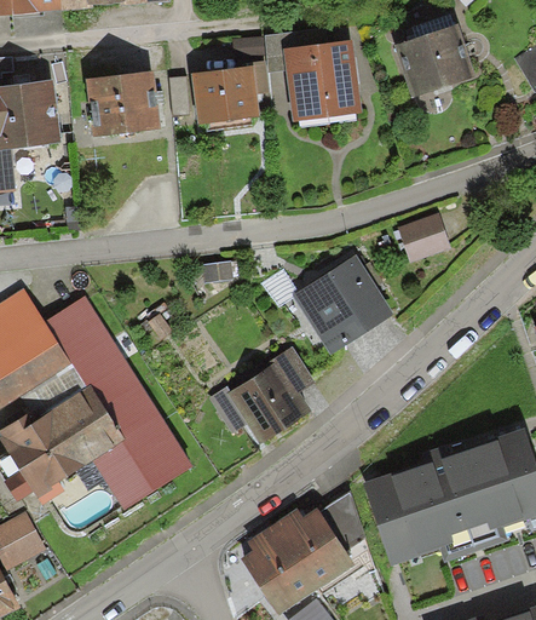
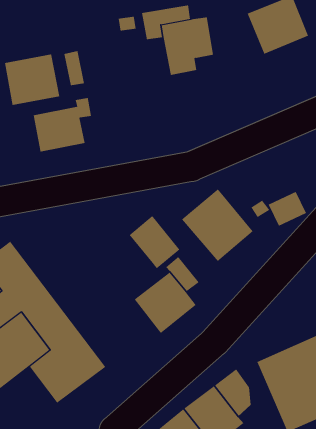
building: [195,62,267,124] -> [33,98,92,152]
building: [399,208,446,249] -> [268,191,307,226]
building: none -> [129,215,180,269]

